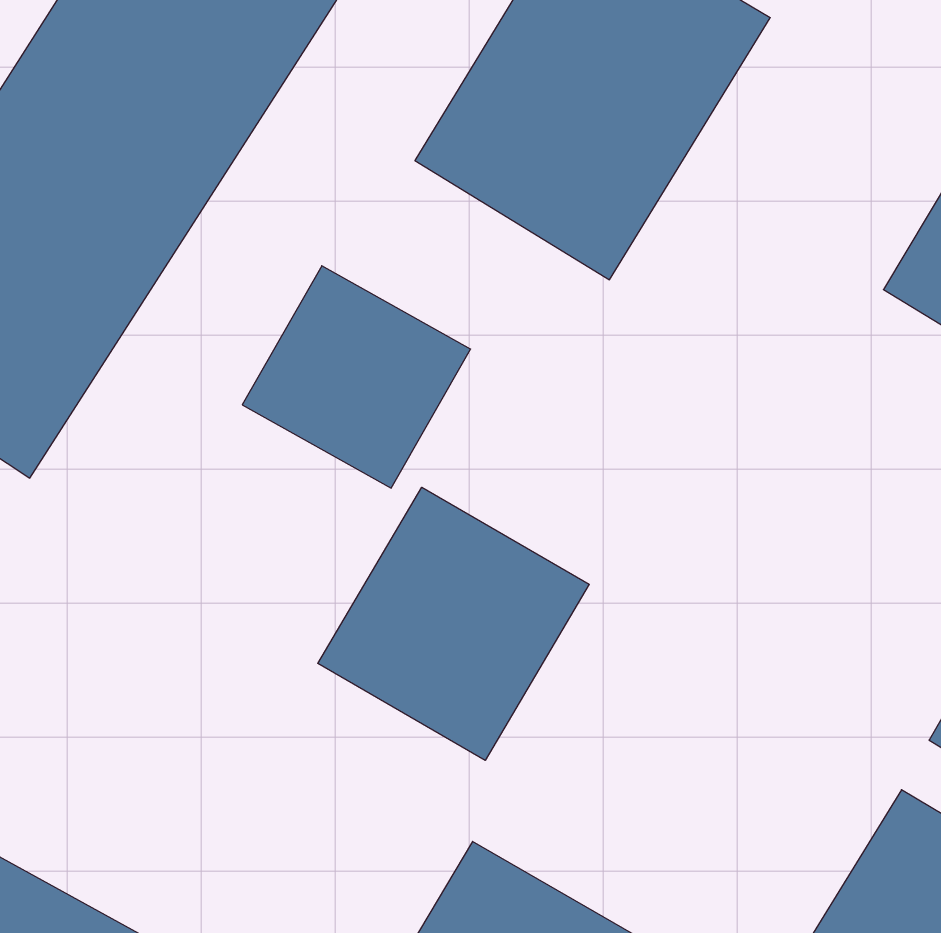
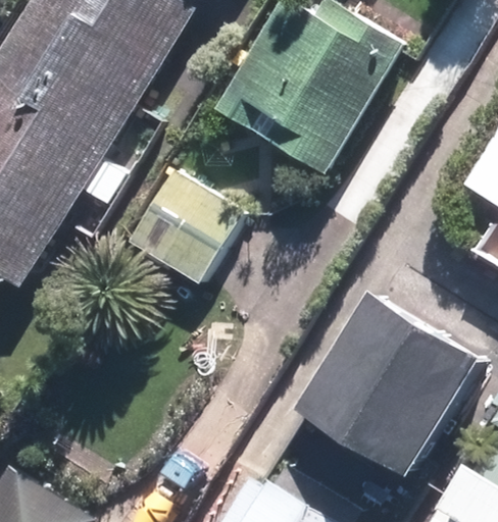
building: none -> [291,285,475,470]
building: [318,487,589,760] -> none

